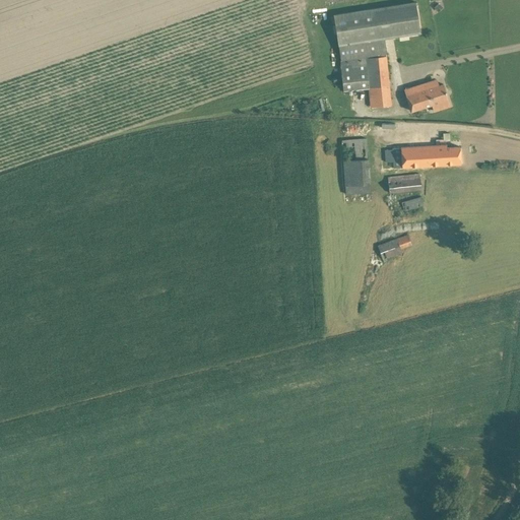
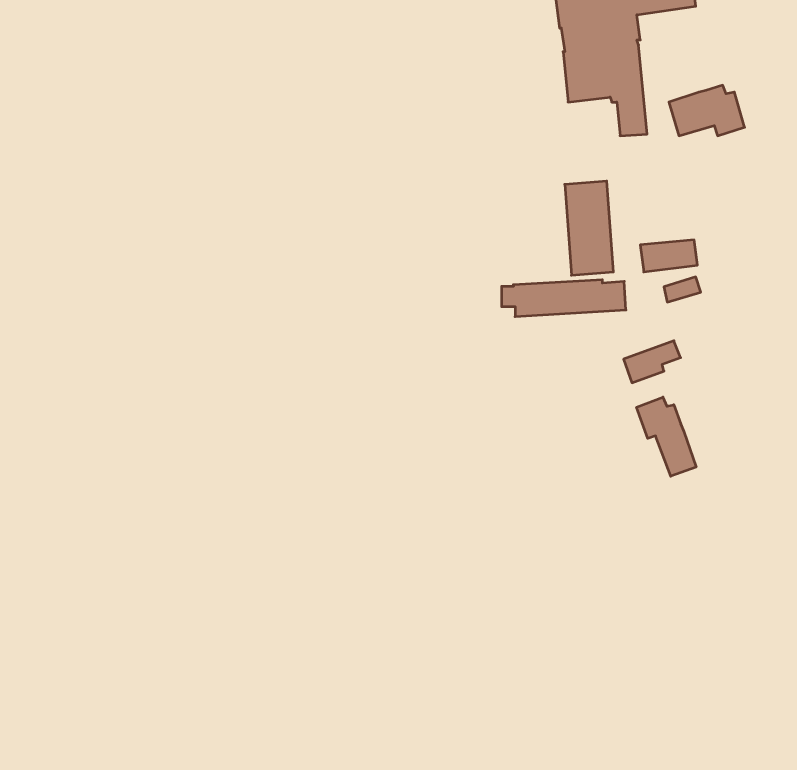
building: [385,145,460,168] -> [502,280,626,317]
building: none -> [637,397,696,476]

